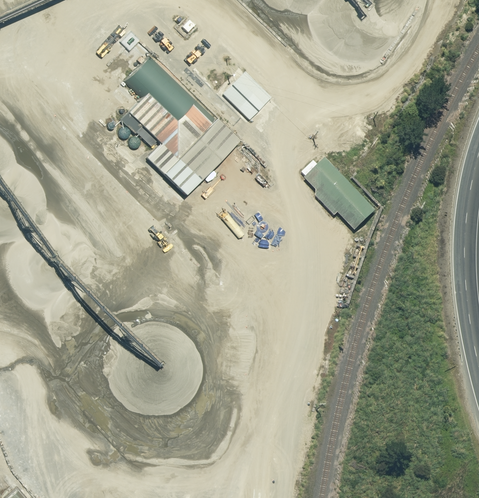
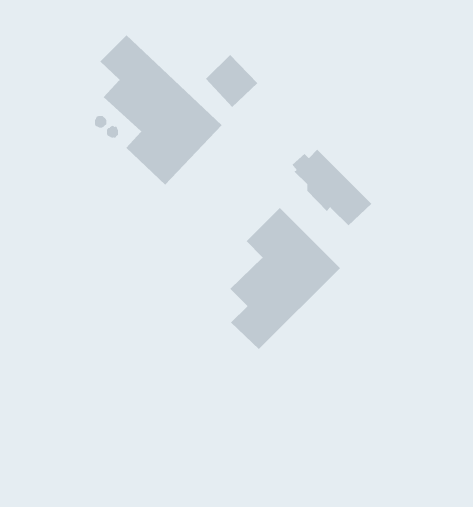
building: none -> [230,207,341,350]

